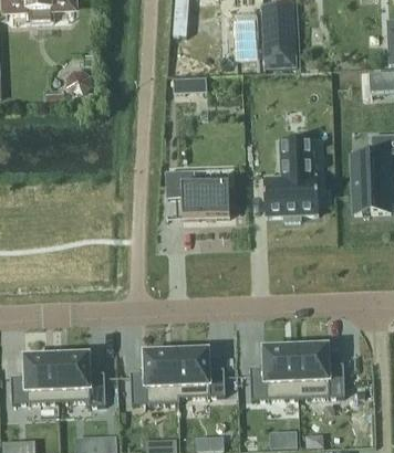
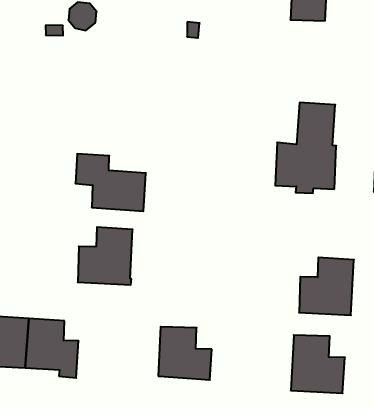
building: [165,168,229,215] -> [75,154,146,211]
building: [249,346,298,398] -> [299,257,354,315]
building: [129,350,179,402] -> [78,227,133,285]

